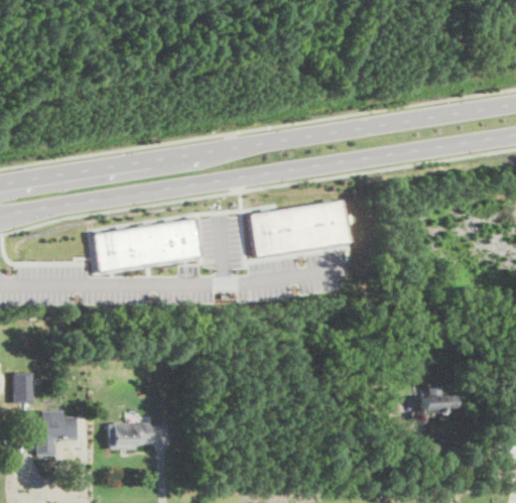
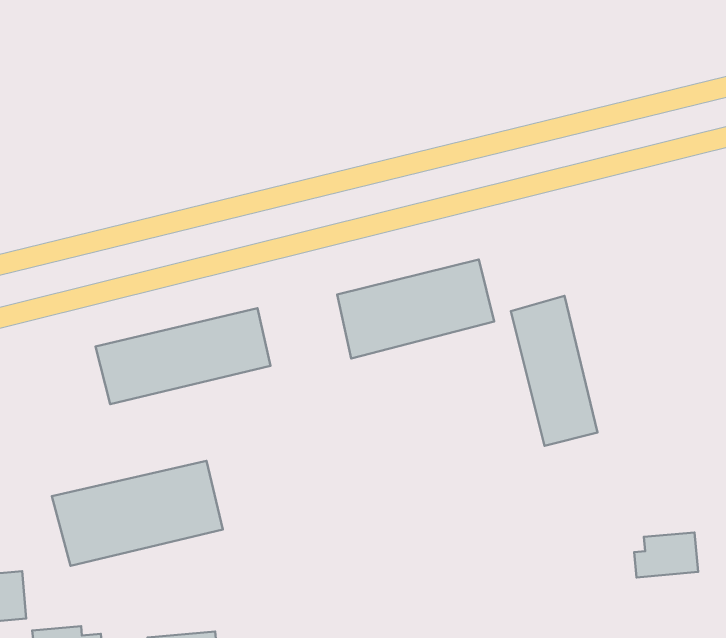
building: none -> [511,296,597,446]
building: none -> [52,461,223,566]

